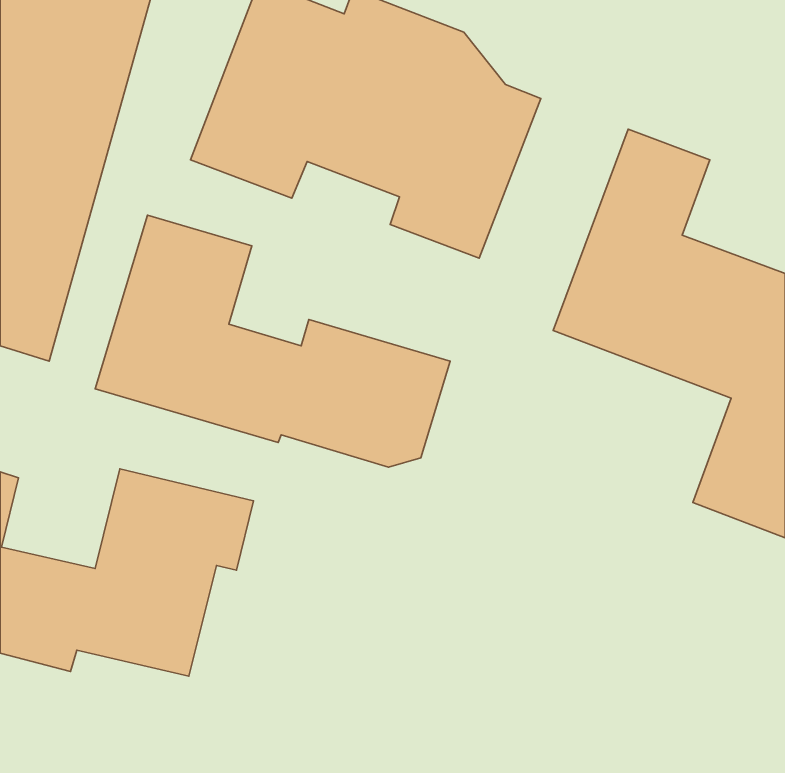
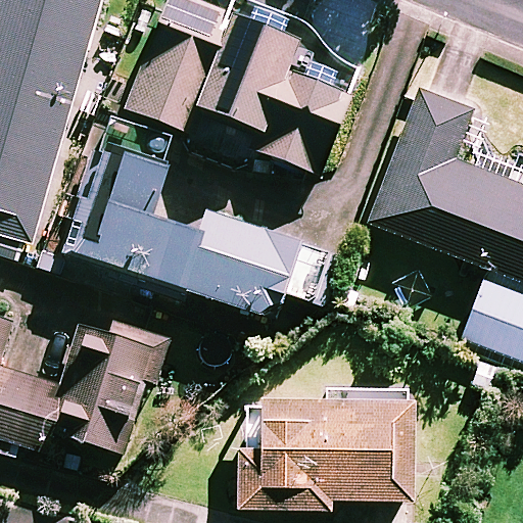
building: none -> [241,398,414,509]

